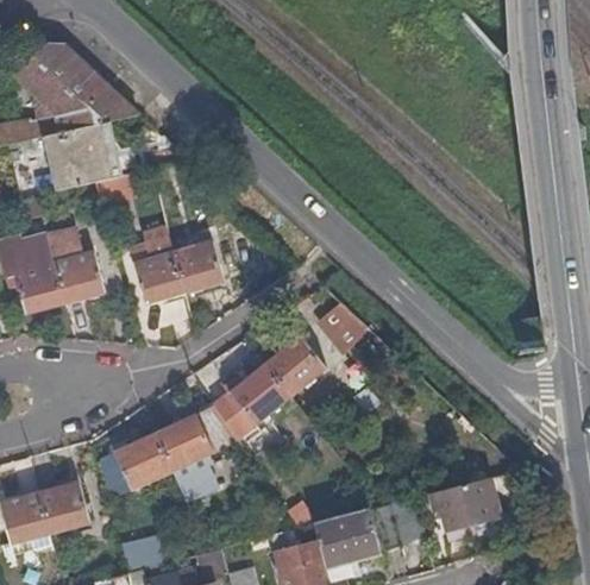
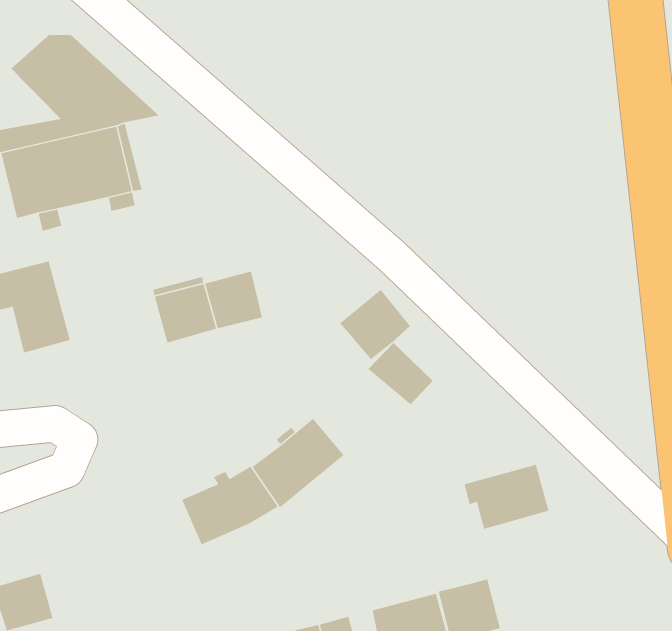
building: [46,227,103,300] -> none
building: [265,335,325,395] -> [339,289,411,360]
building: [114,432,172,489] -> none
building: [426,477,497,531] -> [463,464,549,530]
building: [39,482,89,530] -> none

